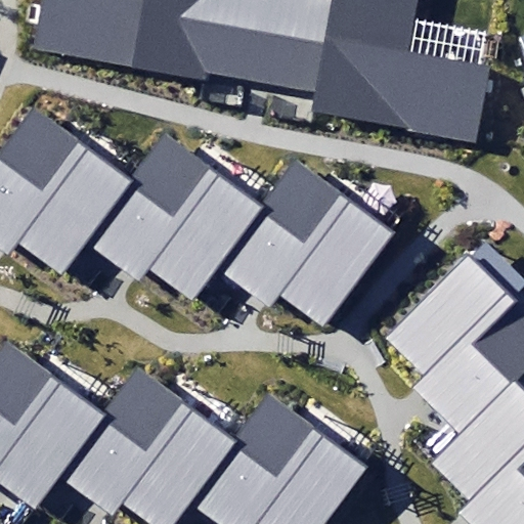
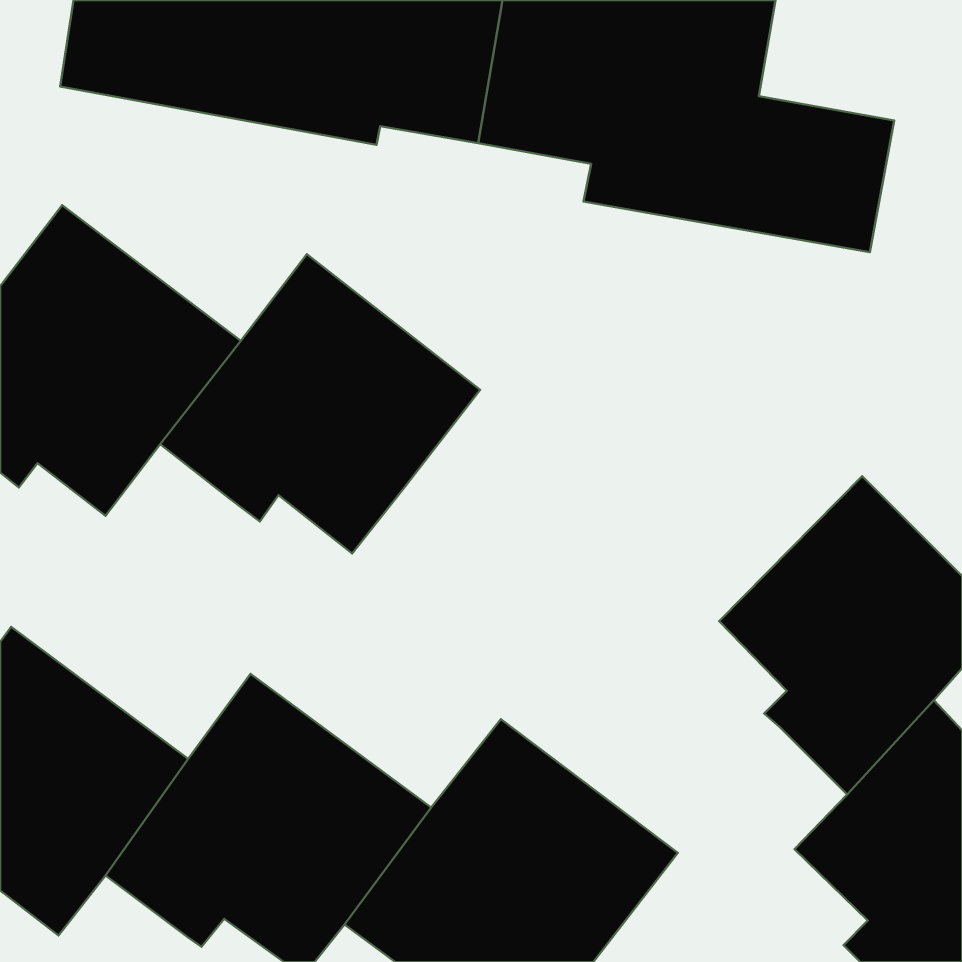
building: [219,168,385,319] -> none

